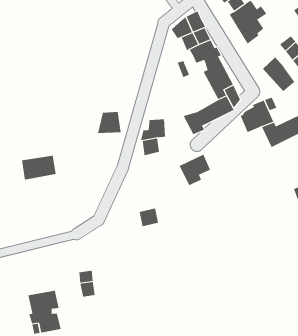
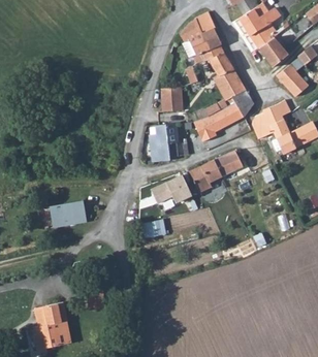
building: none -> [258,37,287,67]
building: [97,111,121,133] -> [157,88,182,110]
building: none -> [214,152,242,177]
building: [21,155,56,180] -> [50,200,86,226]
building: none -> [150,174,191,203]

